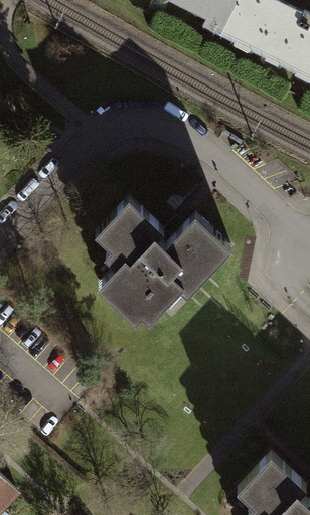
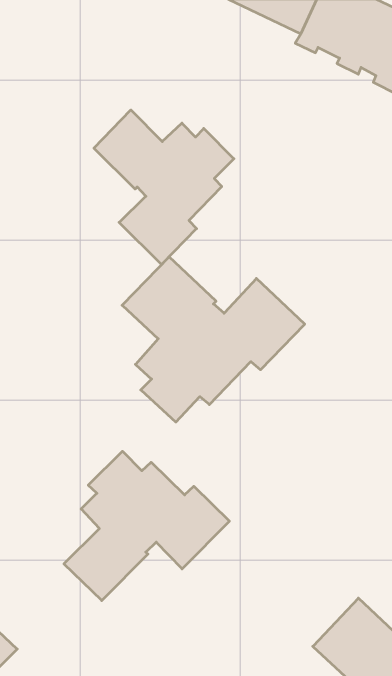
building: none -> [94,110,234,265]
building: none -> [64,451,229,601]

